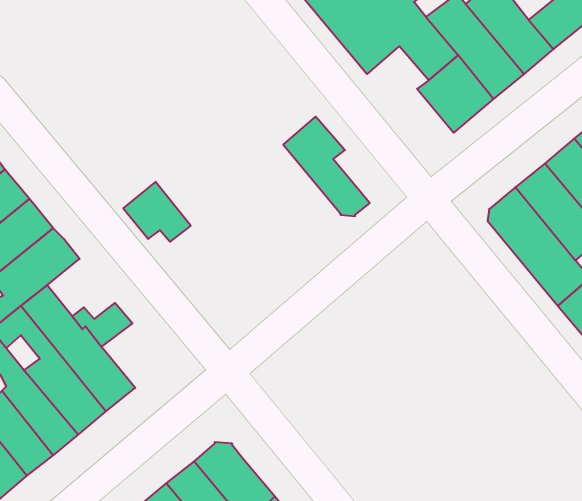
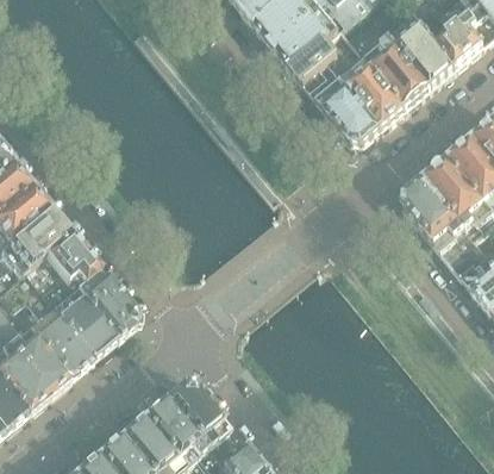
building: [283,117,370,216] -> [305,62,375,143]
building: [123,182,191,242] -> [45,235,100,283]
building: none -> [89,287,136,339]

